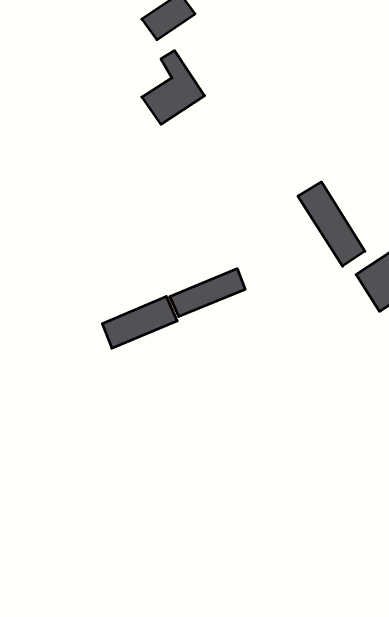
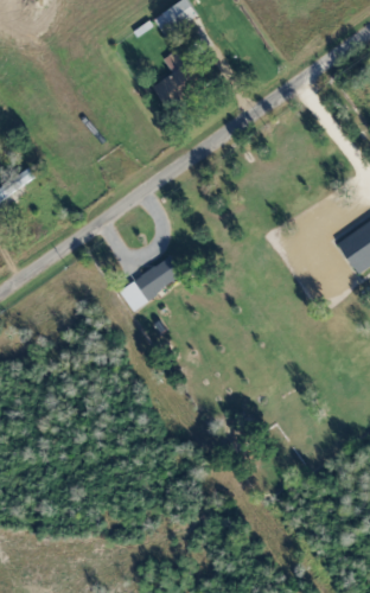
building: [298,182,365,266] -> none
building: [170,269,245,317] -> none

